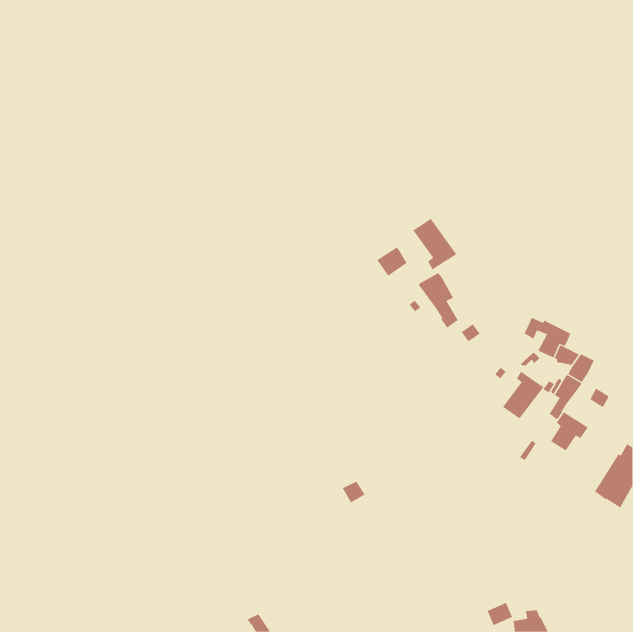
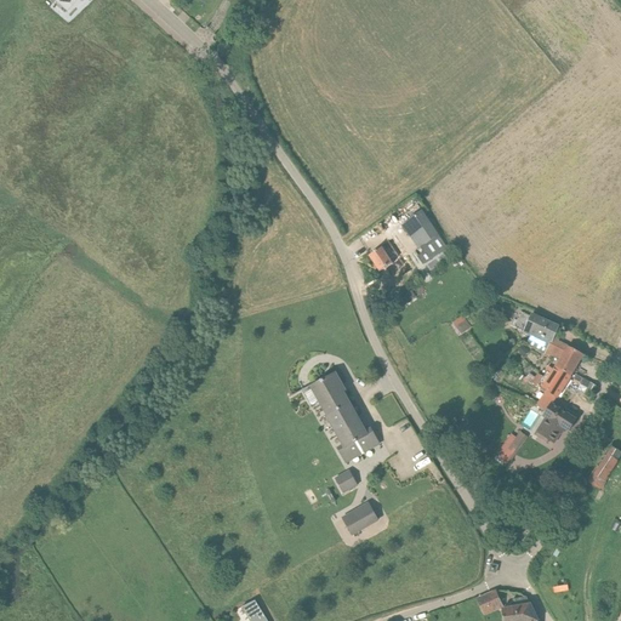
building: [419,273,459,328] -> none
building: [502,371,544,419] -> none
building: none -> [304,372,380,461]
building: none -> [343,503,377,534]

